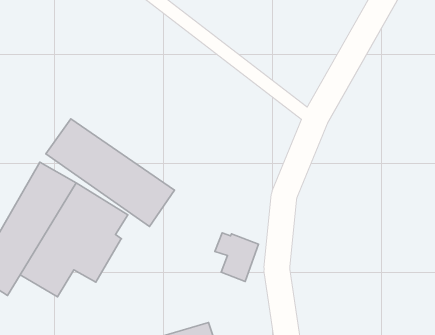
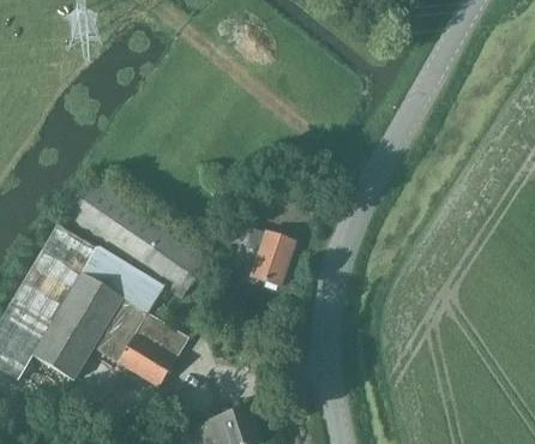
building: [215,233,259,281] -> [245,230,295,287]
building: none -> [120,313,190,388]

